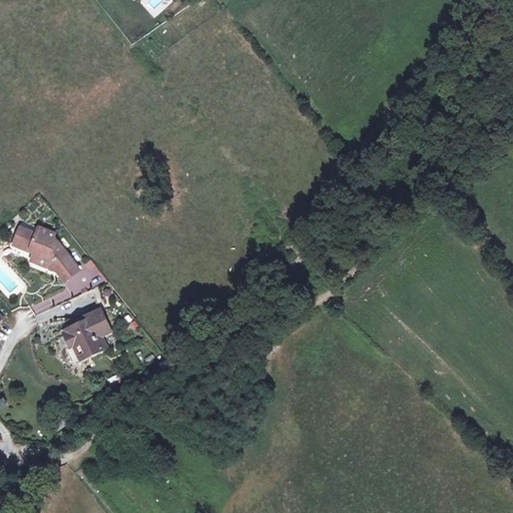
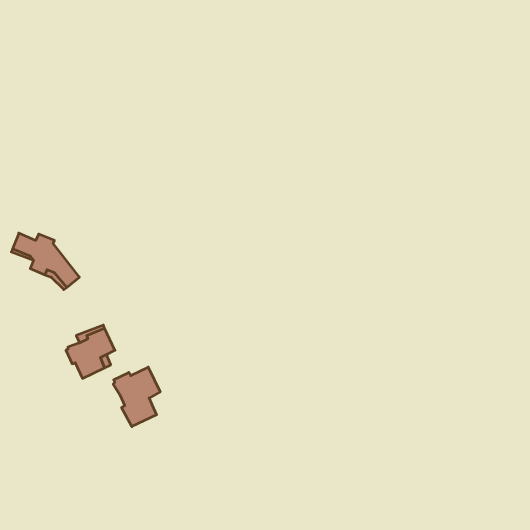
building: none -> [113,367,160,427]

